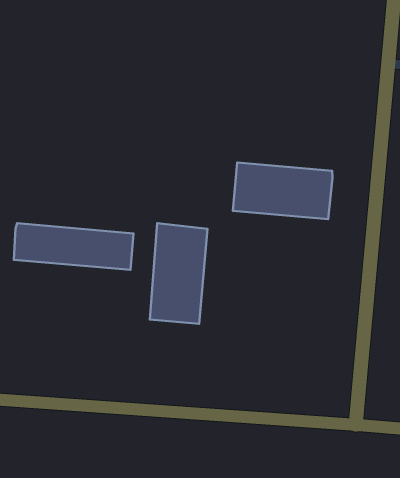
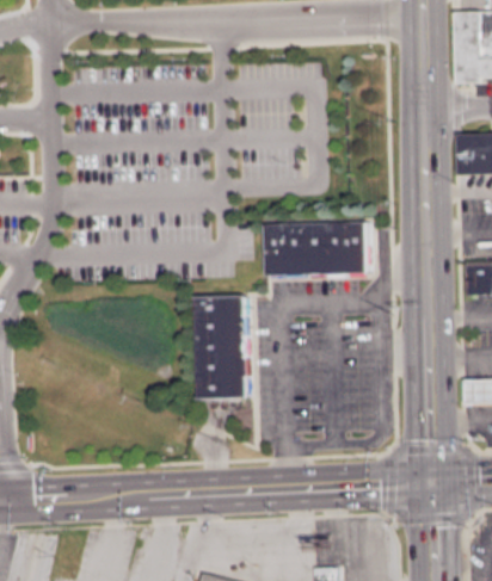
building: [14,223,134,270] -> none

